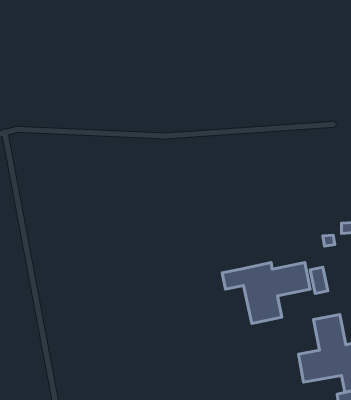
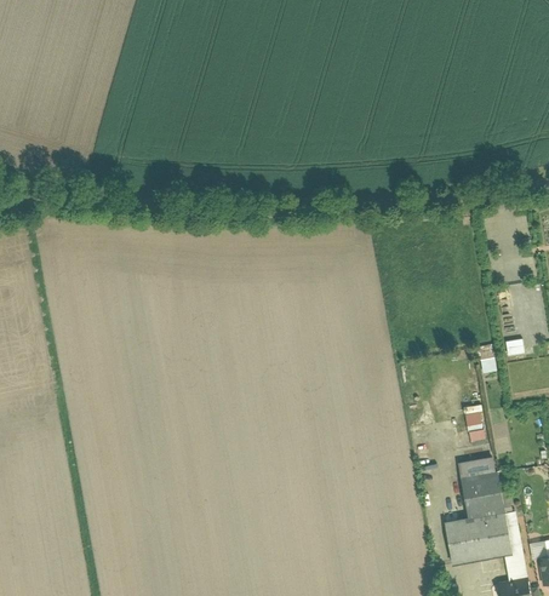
building: [222,262,310,324] -> none

